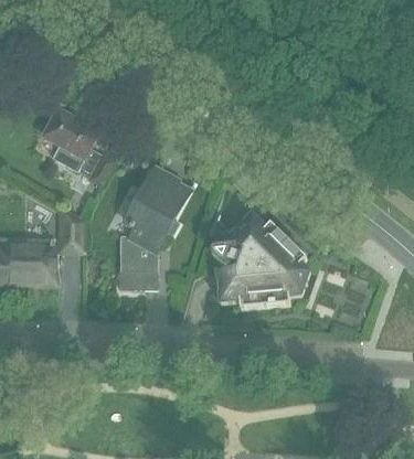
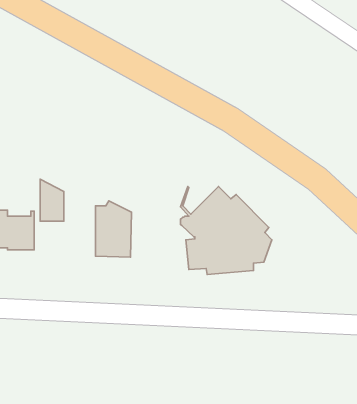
building: [43,108,115,183] -> none
building: [123,168,192,242] -> none

